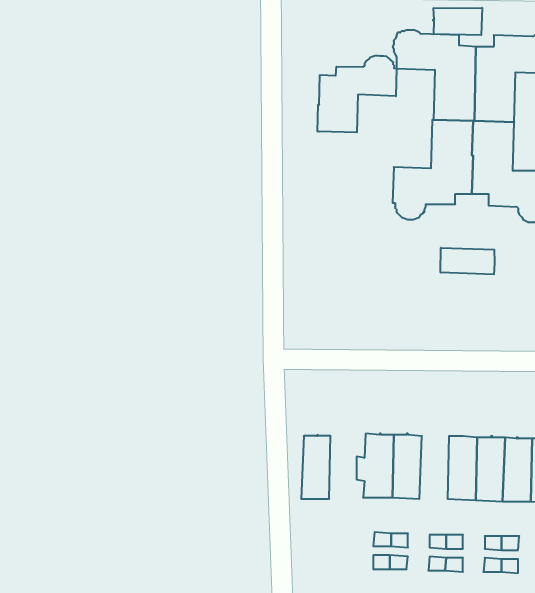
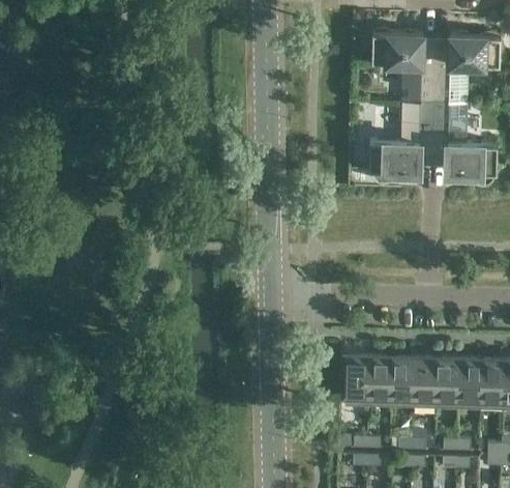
building: [433,8,482,35] -> none
building: [318,56,396,132] -> none
building: [441,248,495,274] -> none
building: [301,435,331,499] -> [390,355,414,407]

